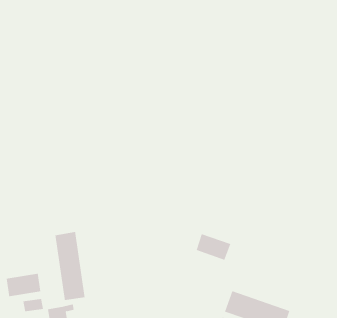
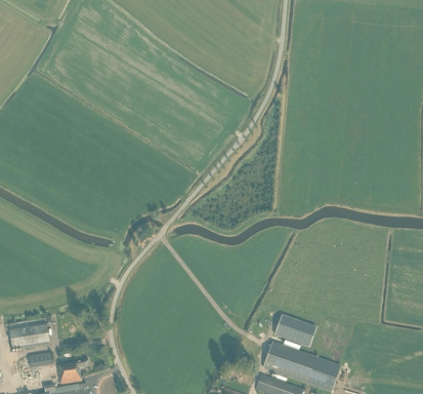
building: [55,231,85,301] -> none
building: [196,233,231,261] -> [274,314,315,346]

